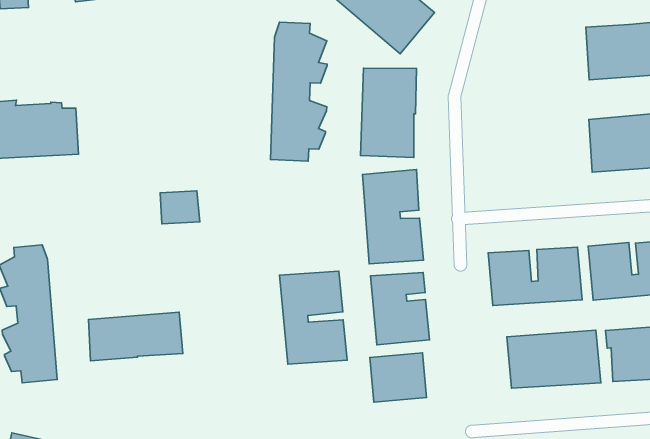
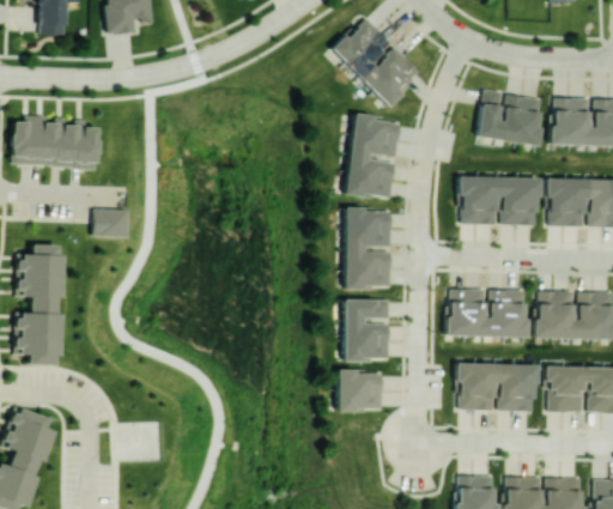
building: [271,22,327,161] -> none
building: none -> [477,89,545,146]
building: none -> [460,176,540,225]
building: [160,191,200,224] -> [93,208,127,237]
building: [280,271,347,364] -> none
building: [88,312,183,361] -> none

